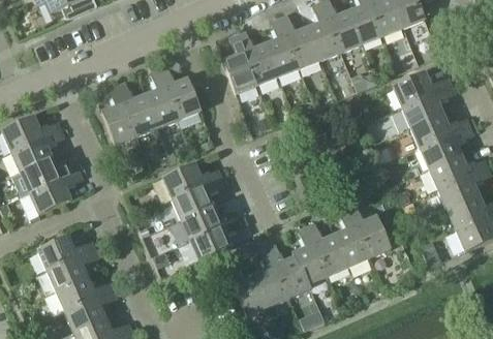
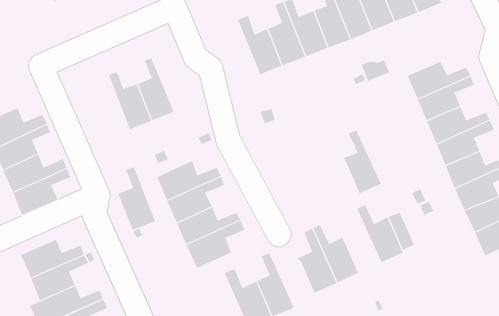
building: [223,34,257,93] -> none
building: [158,65,201,119] -> none
building: [102,85,137,144] -> [118,166,156,231]
building: [334,208,369,267] -> [343,130,382,194]
building: [267,244,309,299] -> none

